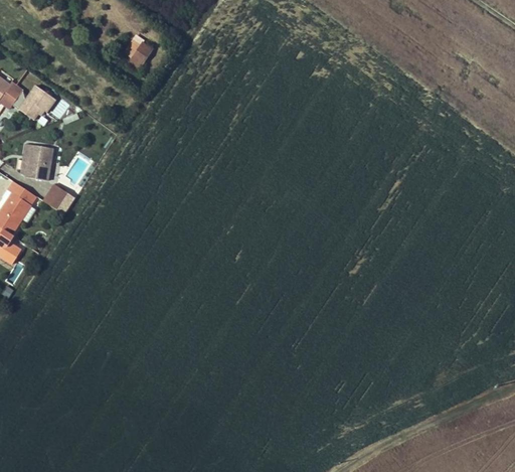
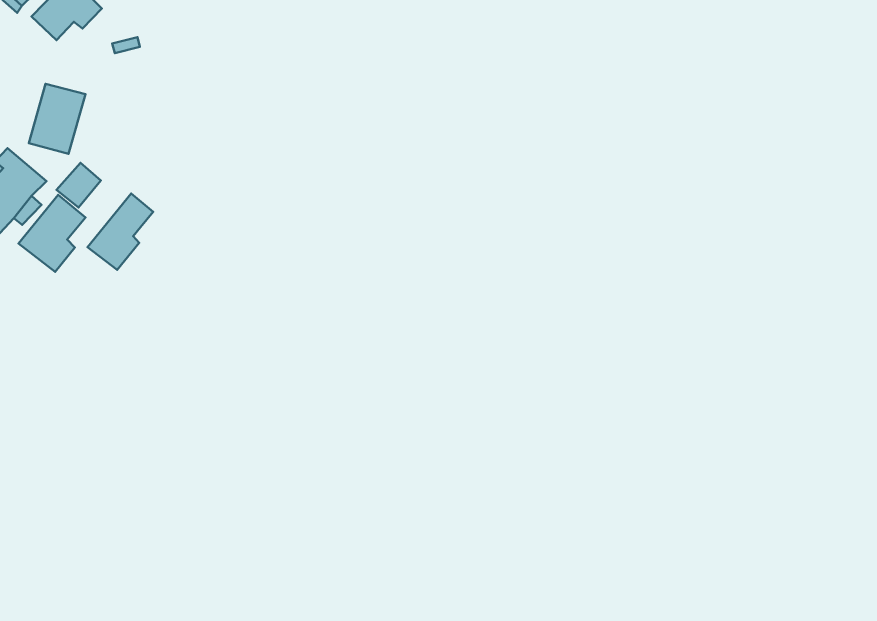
building: none -> [87,193,153,270]
building: none -> [19,195,86,272]

